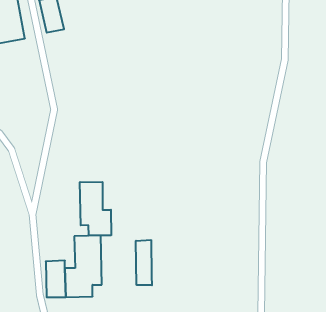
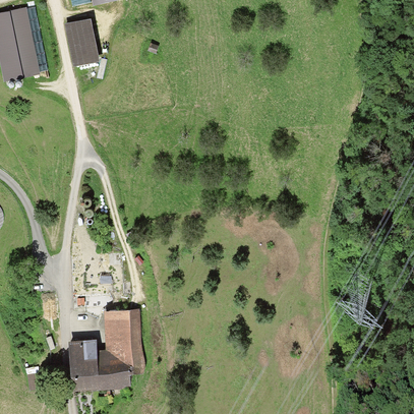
building: [80,182,111,236] -> none
building: [136,240,152,285] -> none

